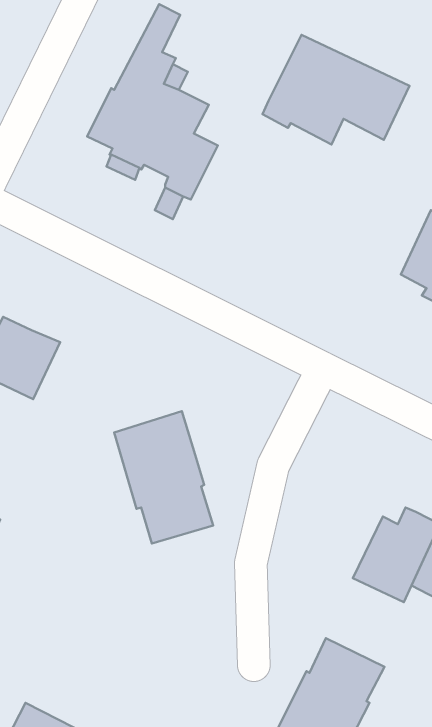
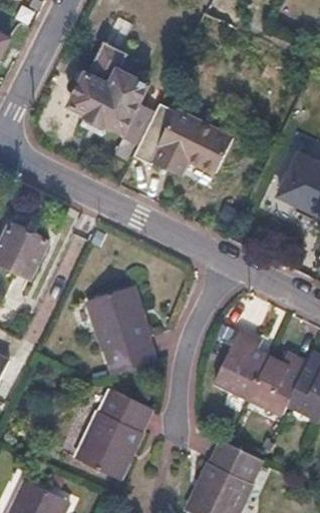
building: [262,35,409,144] -> [132,101,231,174]
building: none -> [211,330,265,398]
building: none -> [73,389,149,481]

